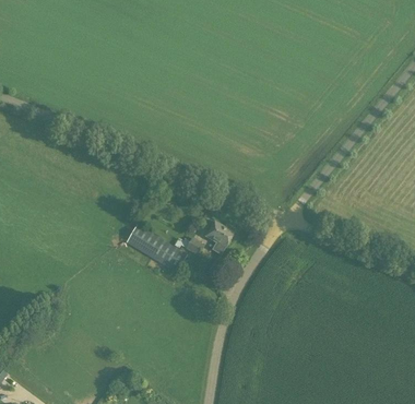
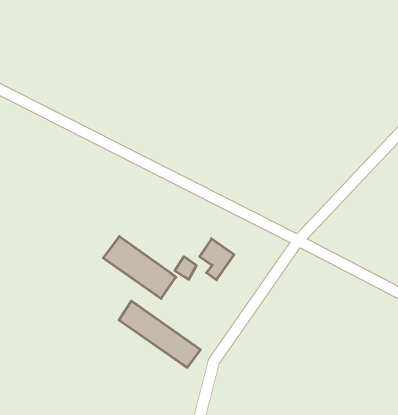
building: none -> [119,301,200,367]

